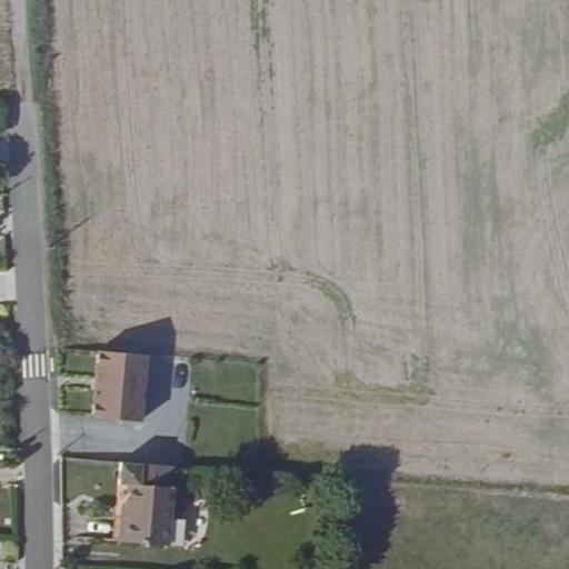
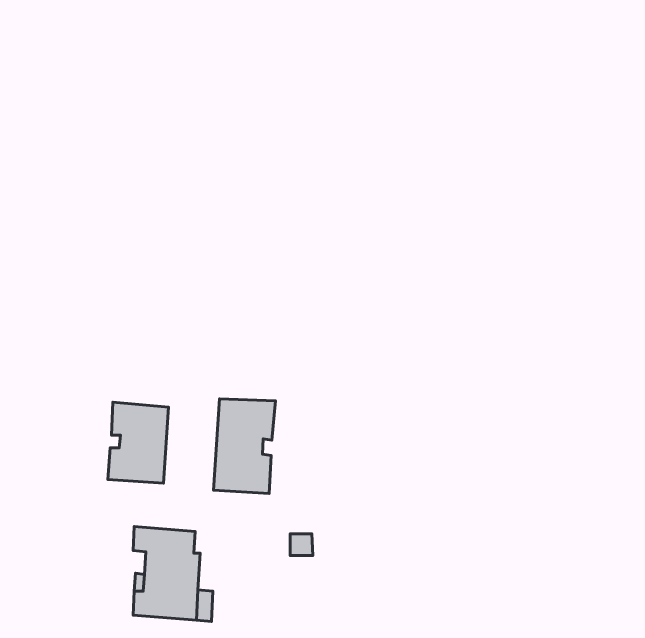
building: none -> [214,399,275,494]

